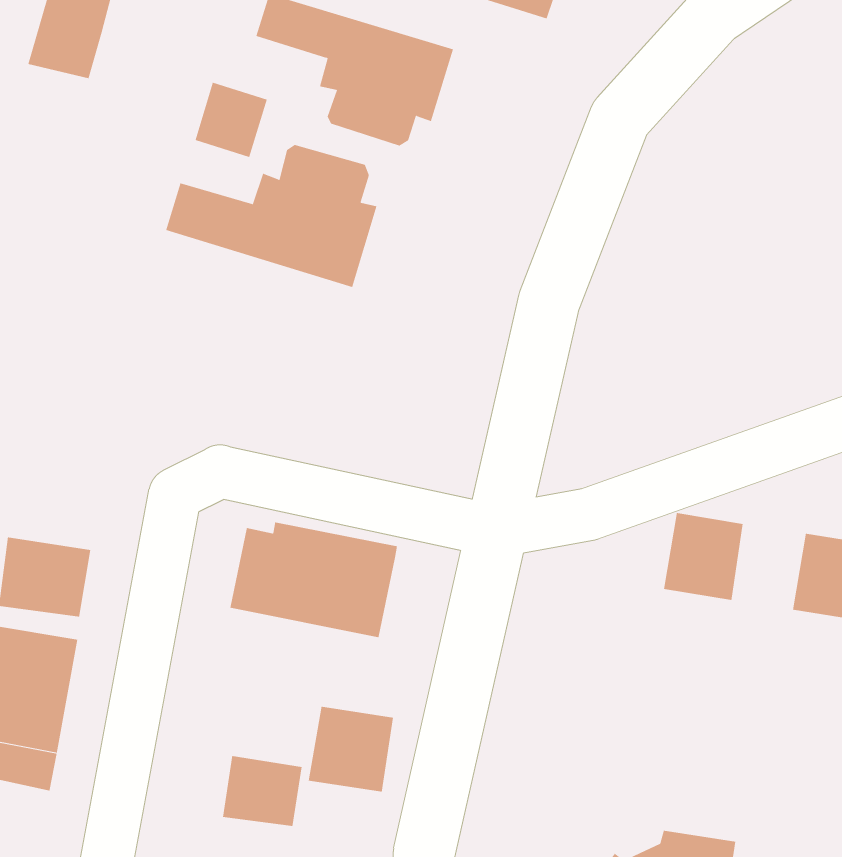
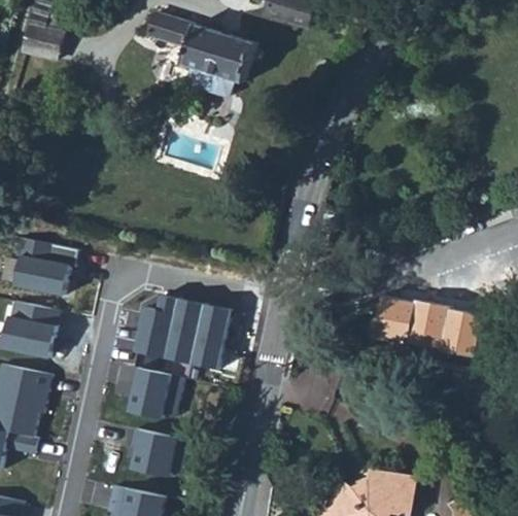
building: [195,82,267,158] -> none
building: [166,144,377,288] -> none
building: none -> [12,238,71,296]
building: none -> [410,301,450,351]
building: [308,706,394,792] -> [125,369,172,416]

